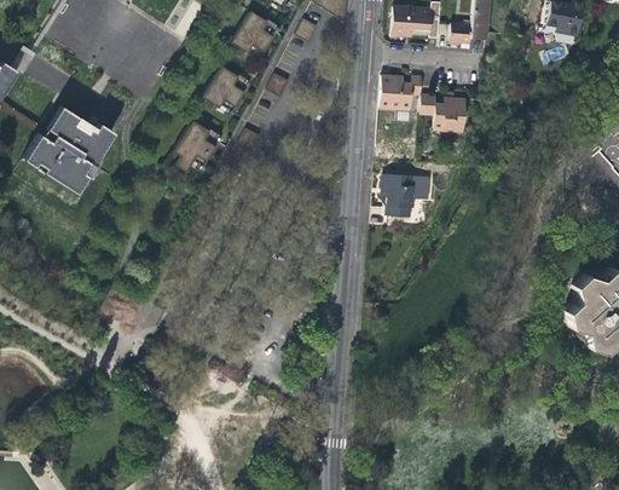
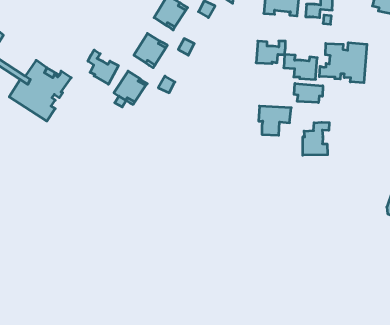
building: none -> [319,43,367,83]
building: none -> [88,50,118,84]
building: none -> [294,83,323,103]
building: none -> [303,122,329,155]

